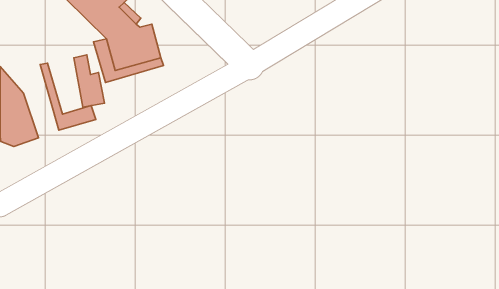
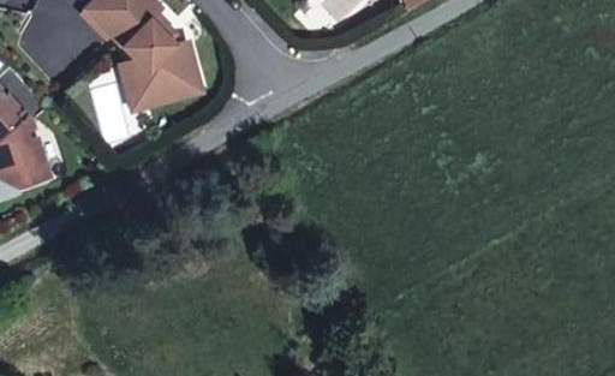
building: [40,63,96,130] -> none

